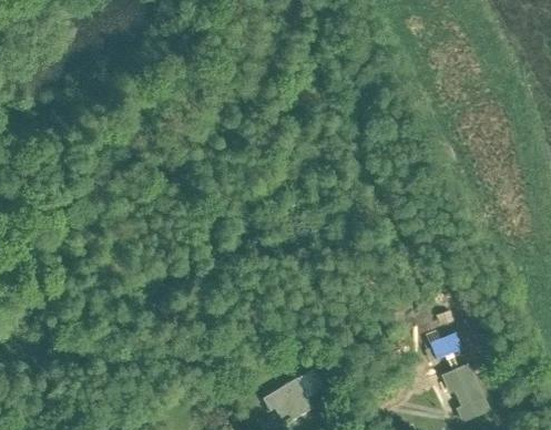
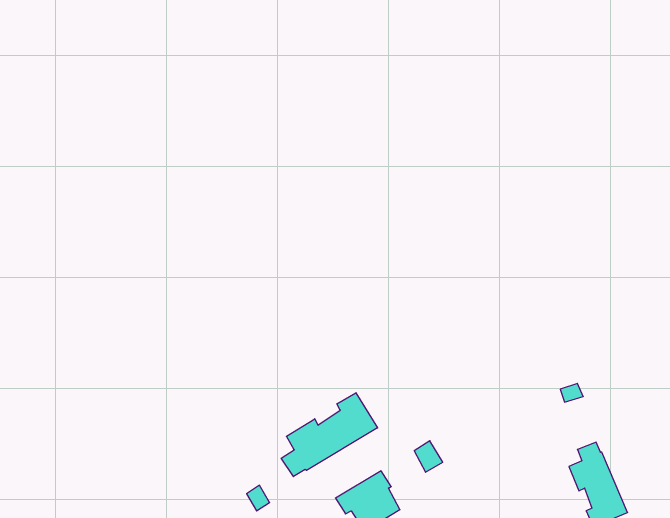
building: none -> [281,393,378,477]

